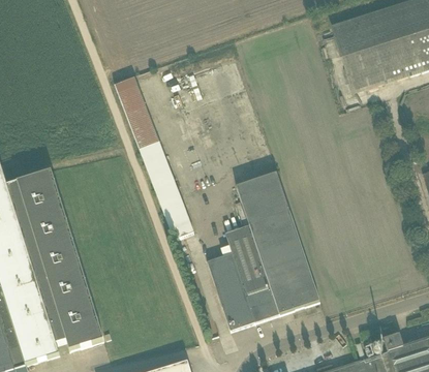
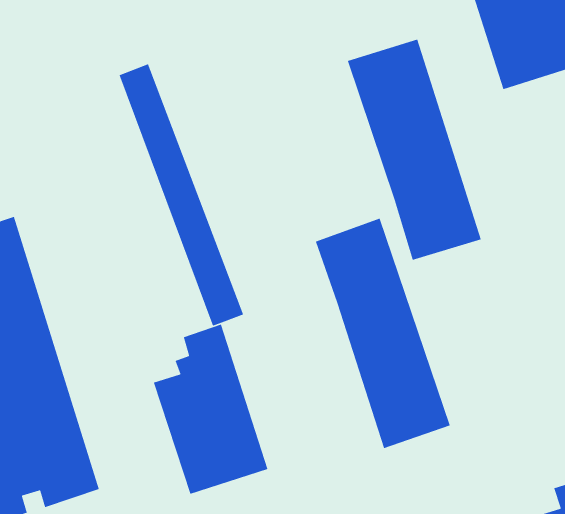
building: none -> [347,39,482,261]
building: [207,224,278,330] -> [153,324,269,495]

